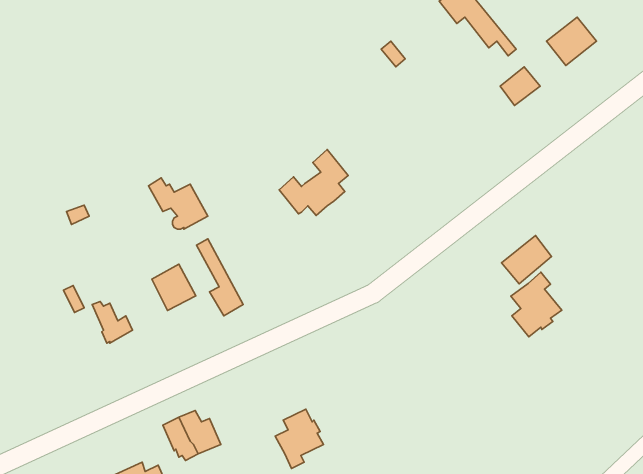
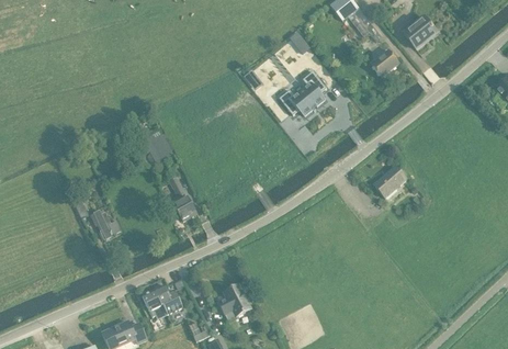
building: [279,150,348,215] -> [280,70,327,115]
building: [152,264,196,311] -> none
building: [511,272,562,337] -> none

